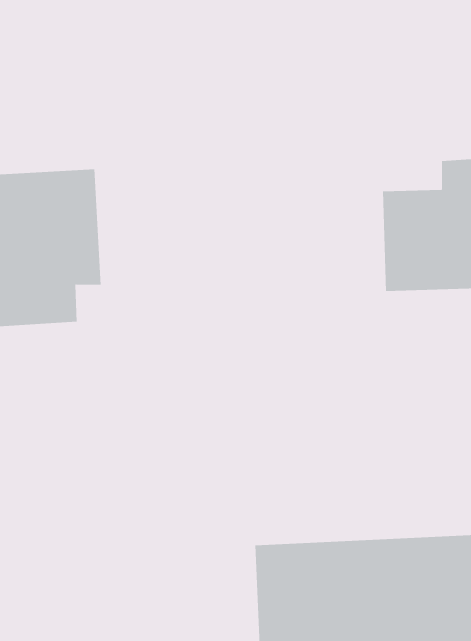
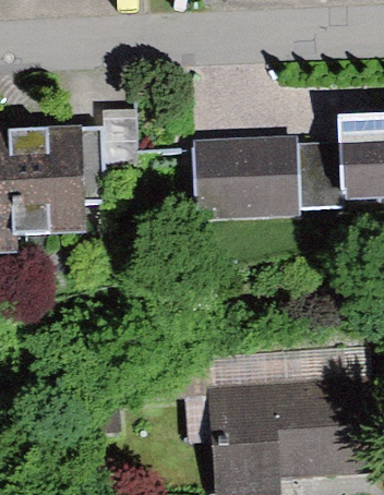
building: none -> [192,130,300,220]

